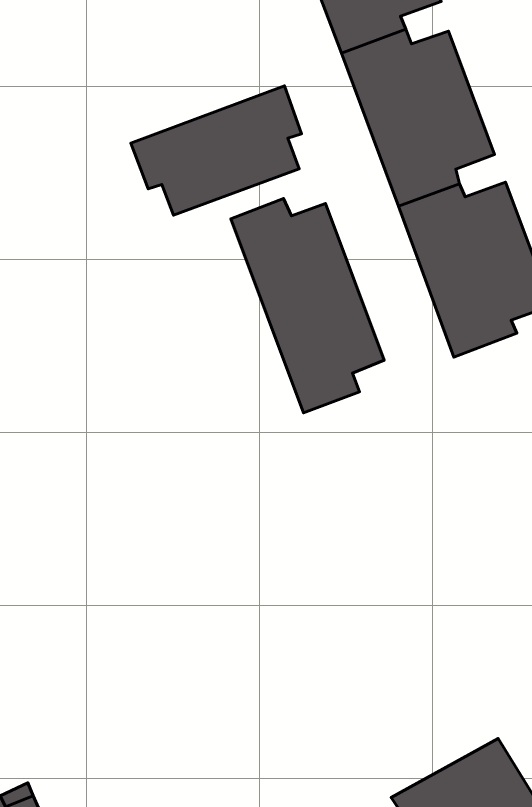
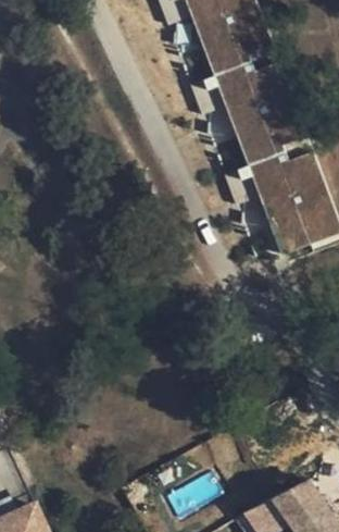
building: [131,86,301,215] -> none
building: [231,198,384,413] -> none

